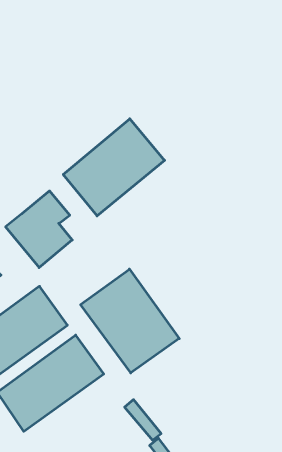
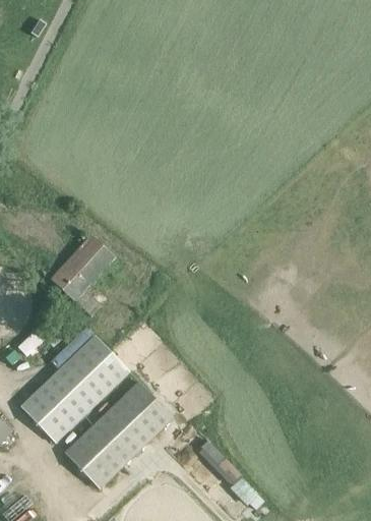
building: [63,119,165,216] -> none
building: [81,269,179,373] -> none

